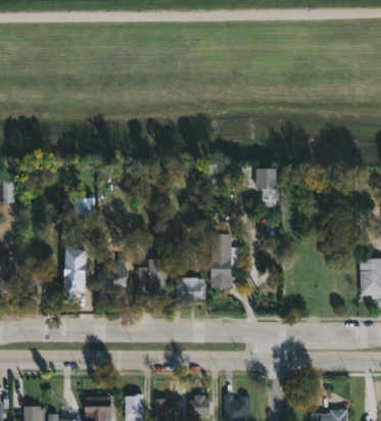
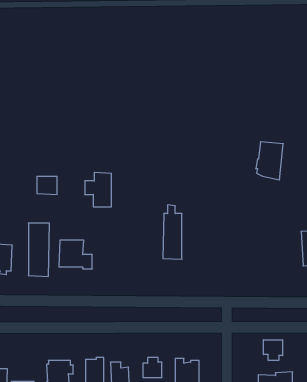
building: [252,169,282,209] -> [256,142,283,180]
building: [139,259,168,295] -> [85,172,111,207]
building: [177,278,206,302] -> none
building: none -> [264,340,283,360]

